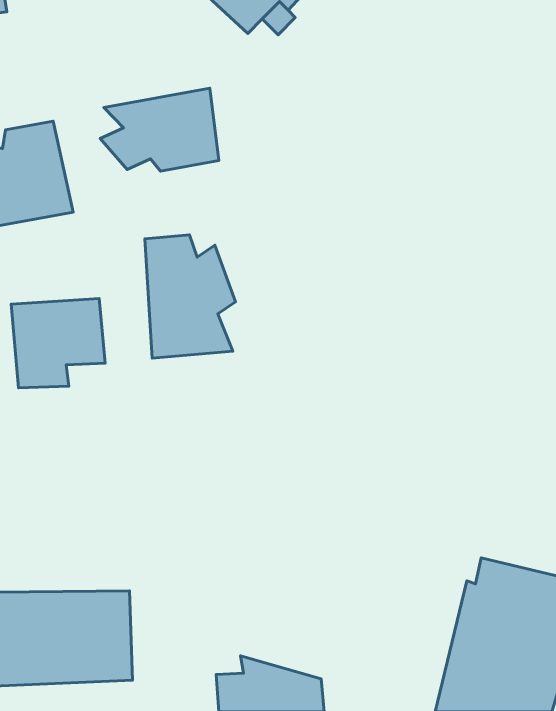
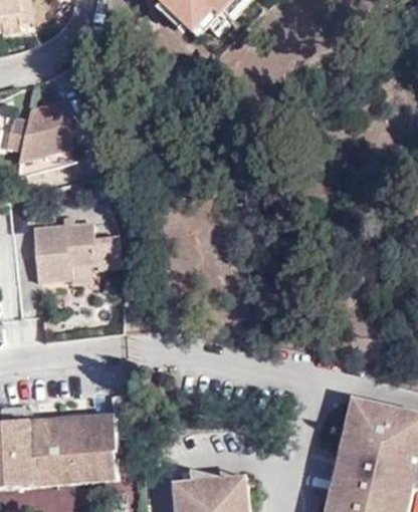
building: [100,88,219,171] -> none
building: [145,235,236,358] -> none

